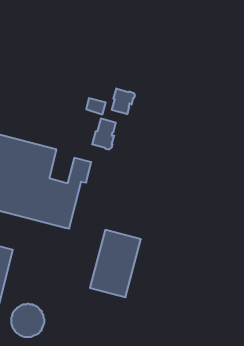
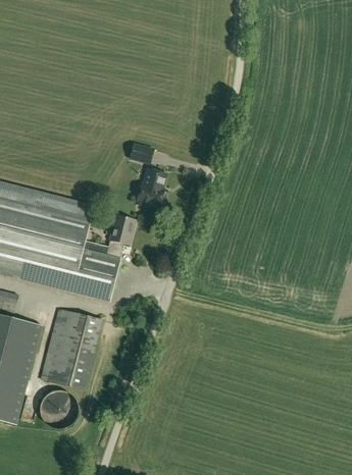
building: [112,88,135,114] -> none
building: [90,230,141,297] -> [41,309,102,389]

